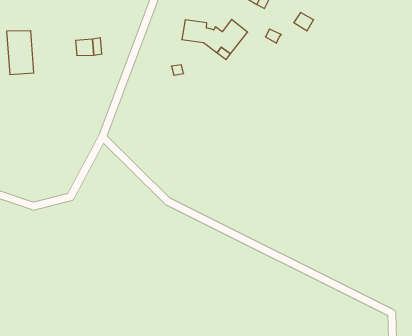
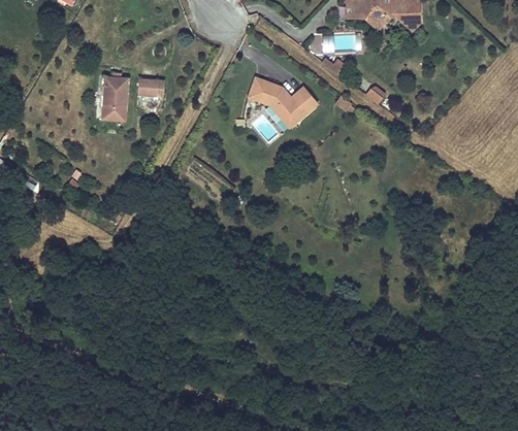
building: [7,31,34,74] -> [102,75,130,122]

